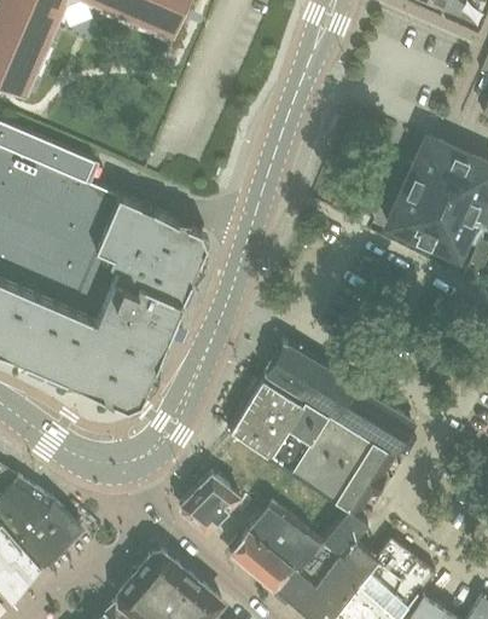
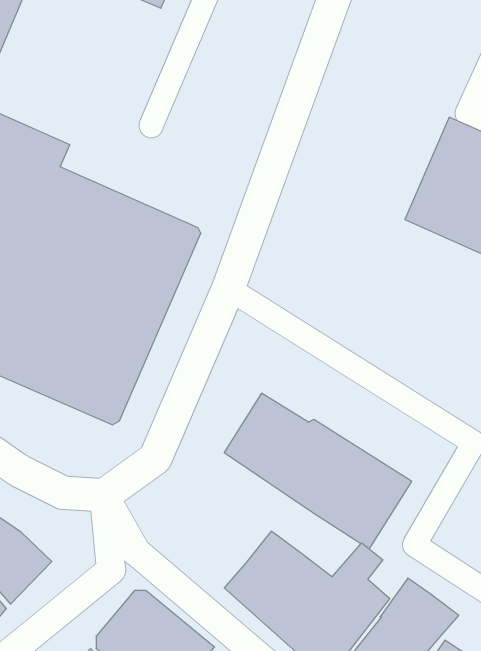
building: [265,345,412,456] -> none
building: [181,476,236,532] -> none

